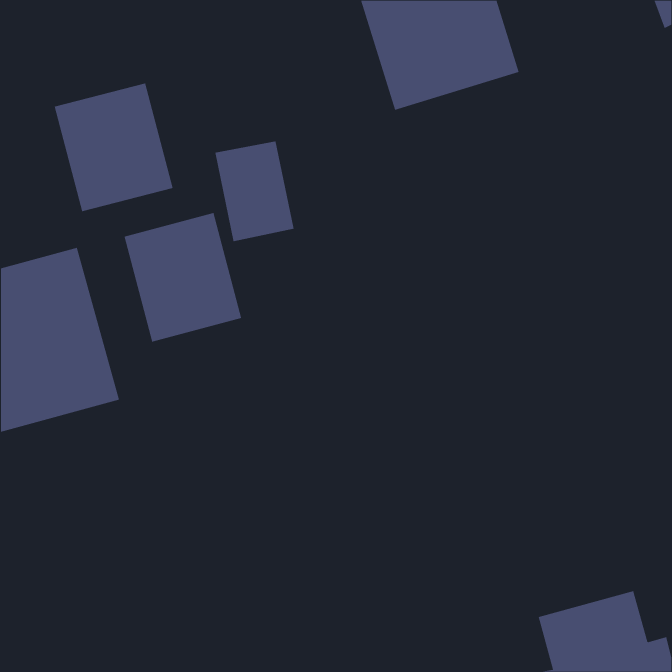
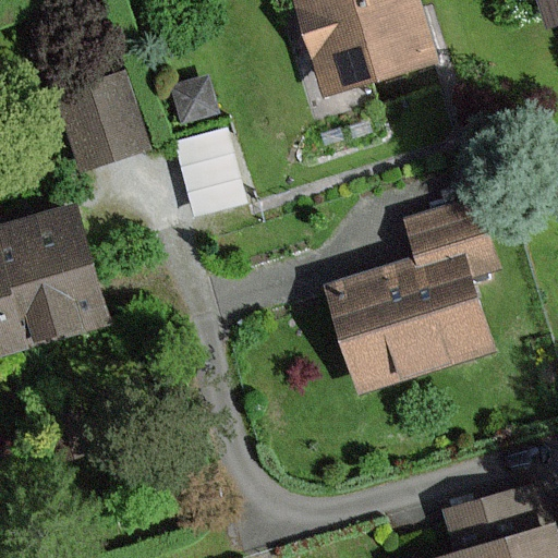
building: [124,212,242,343] -> none
building: none -> [337,204,494,384]

